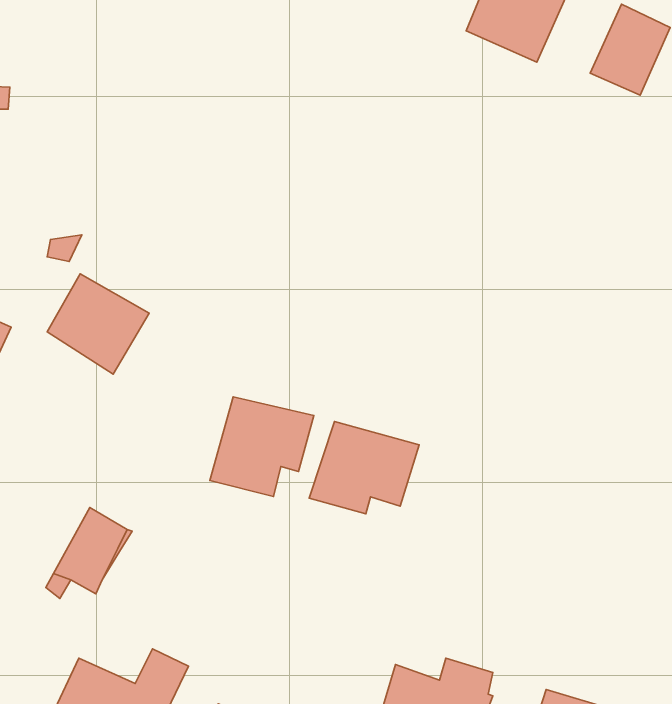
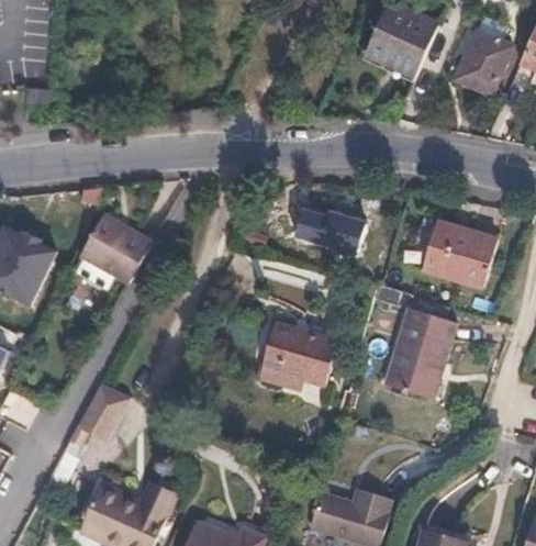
building: none -> [291,205,360,253]
building: none -> [424,223,490,286]
building: [210,397,314,496] -> none
building: none -> [387,307,458,399]

